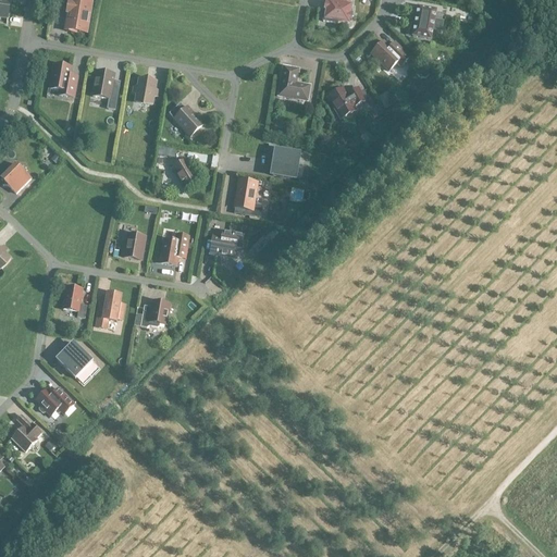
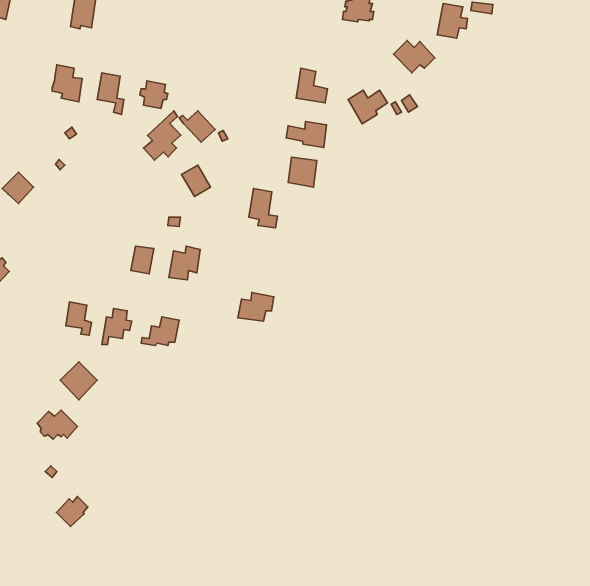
building: none -> [143,111,181,160]
building: none -> [286,122,326,147]
building: [209,227,243,255] -> [238,292,274,321]
building: [11,421,40,449] -> [57,496,88,526]

